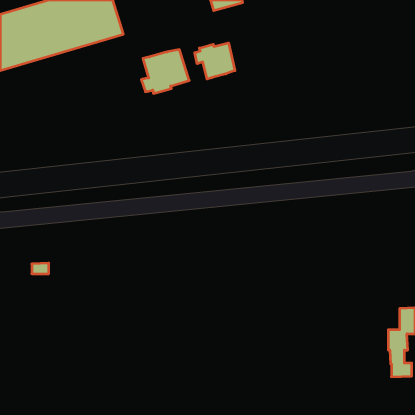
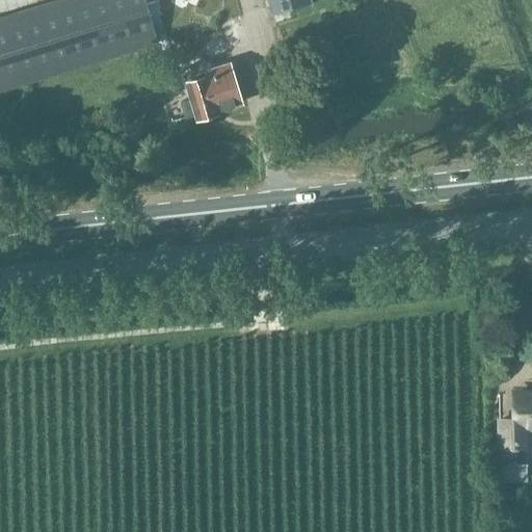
building: [195,43,235,79] -> none

